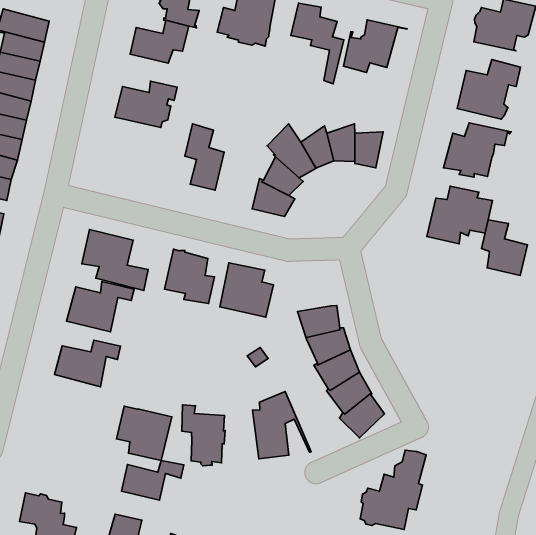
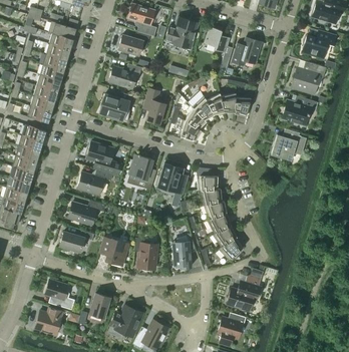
building: none -> [99,90,131,122]
building: [482,220,528,276] -> none
building: none -> [197,167,218,192]
building: [121,461,184,500] -> [60,231,94,252]

